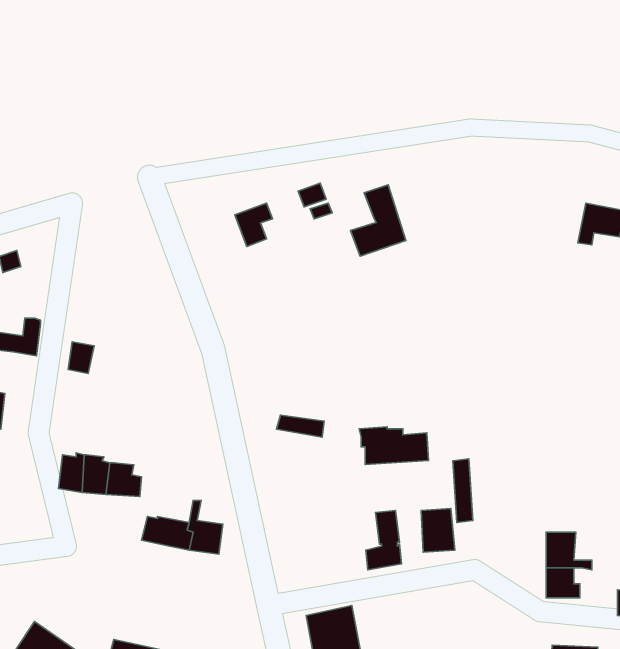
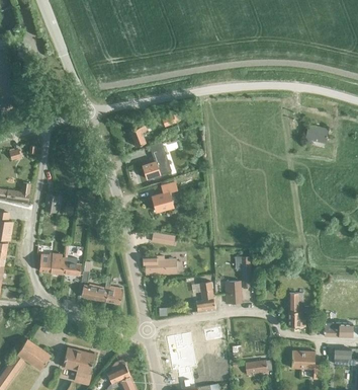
building: [350,185,406,256] -> [142,142,170,178]
building: none -> [152,182,177,212]
building: [359,427,429,465] -> [142,255,177,275]

